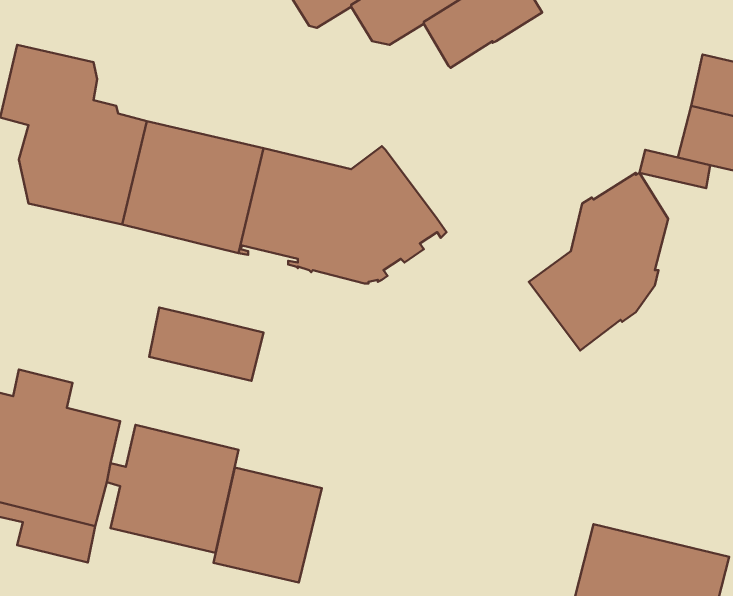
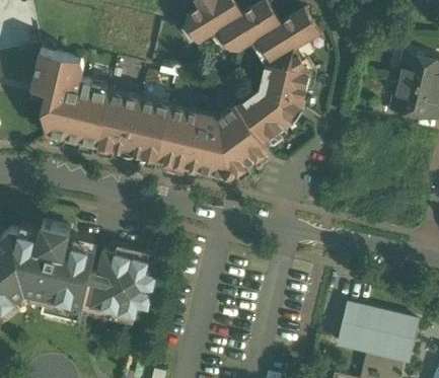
building: [529,173,668,350] -> [236,47,310,141]
building: [149,308,264,381] -> none
building: [213,468,322,582] -> none

